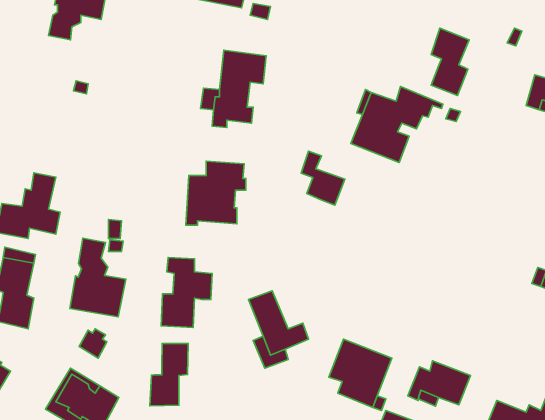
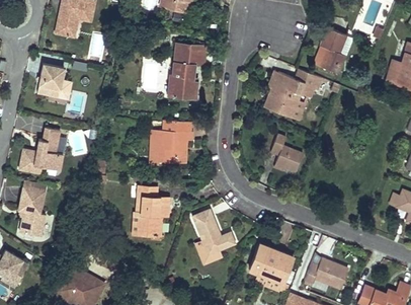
building: none -> [36,65,72,100]
building: [301,151,345,205] -> [271,134,302,171]
building: [70,238,126,317] -> none
building: [150,343,188,406] -> none

